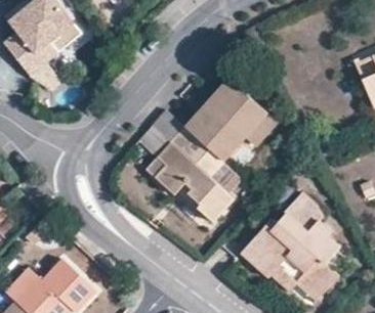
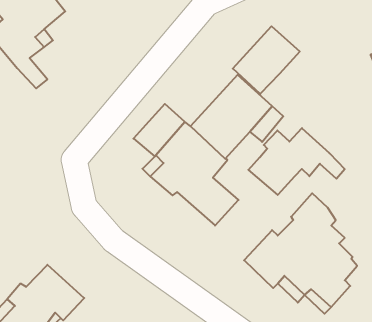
building: none -> [233,26,300,94]
building: none -> [248,128,345,195]

